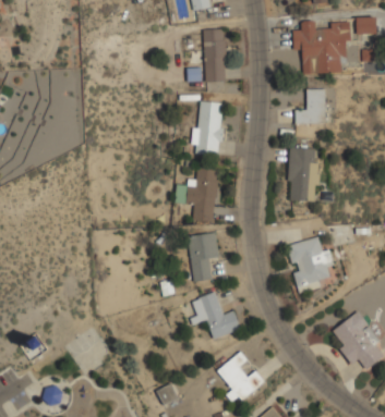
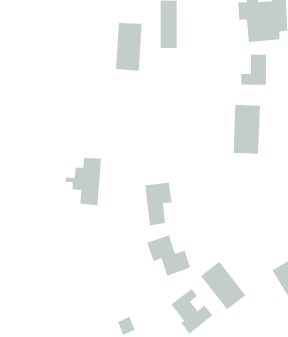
building: [194,101,225,156] -> [115,22,142,71]
building: [177,168,218,222] -> [65,157,102,206]
building: [286,236,334,290] -> none
building: none -> [200,261,246,310]

